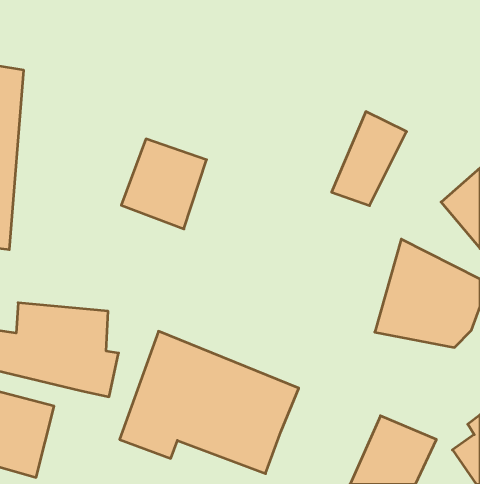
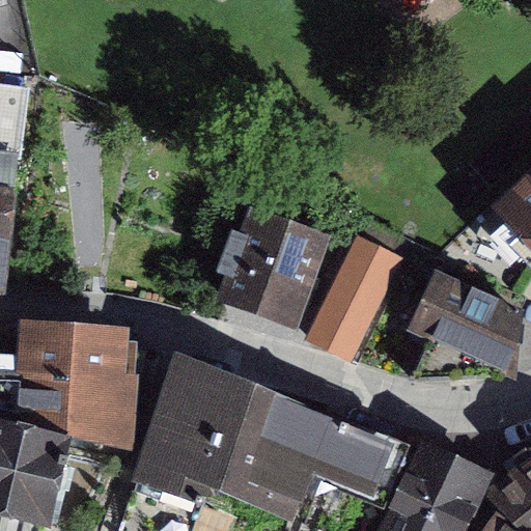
building: [332,112,407,206] -> [319,228,401,331]
building: [121,139,207,229] -> [239,213,332,311]
building: none -> [307,418,399,500]

